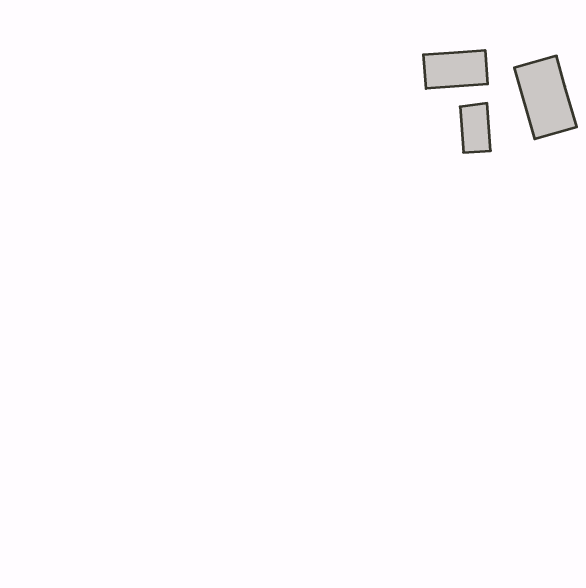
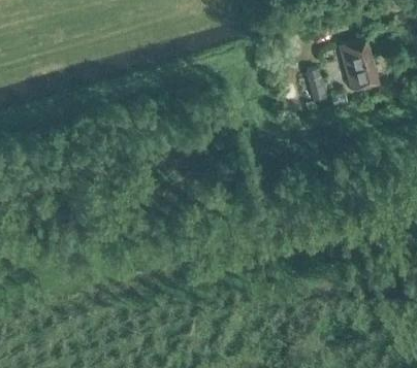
building: [423,50,488,89] -> none

